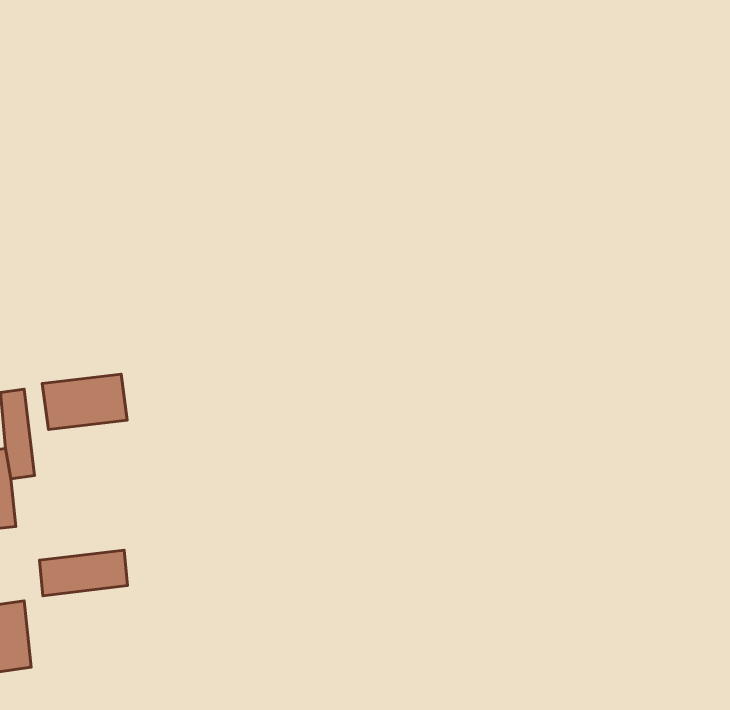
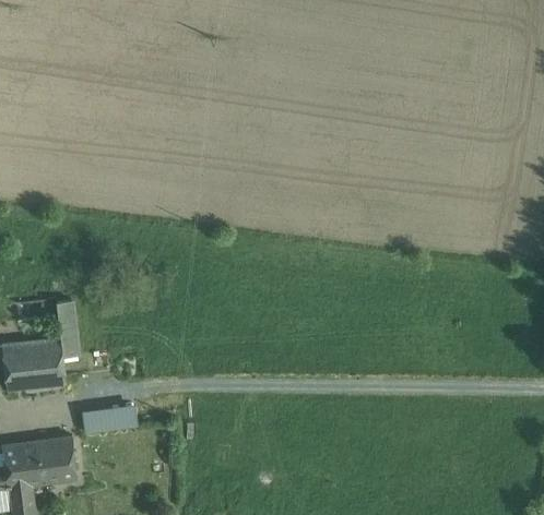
building: [42,374,127,429] -> none

